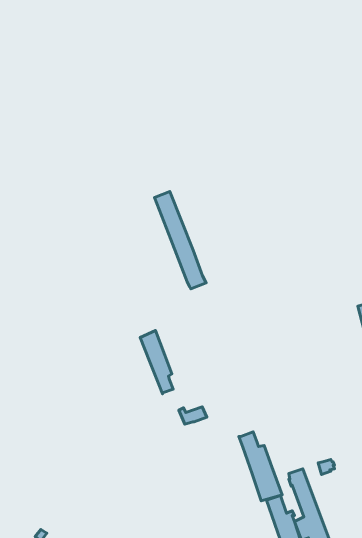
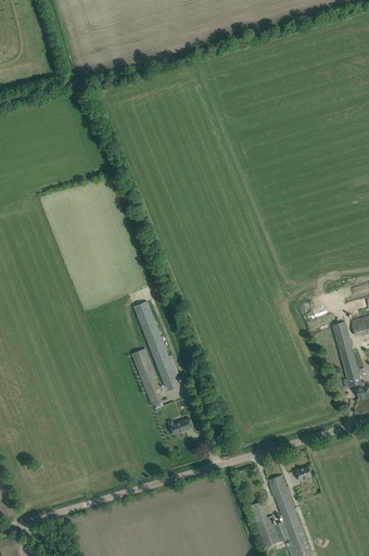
building: [155,192,206,289] -> [133,302,181,392]
building: [239,432,282,501] -> none

